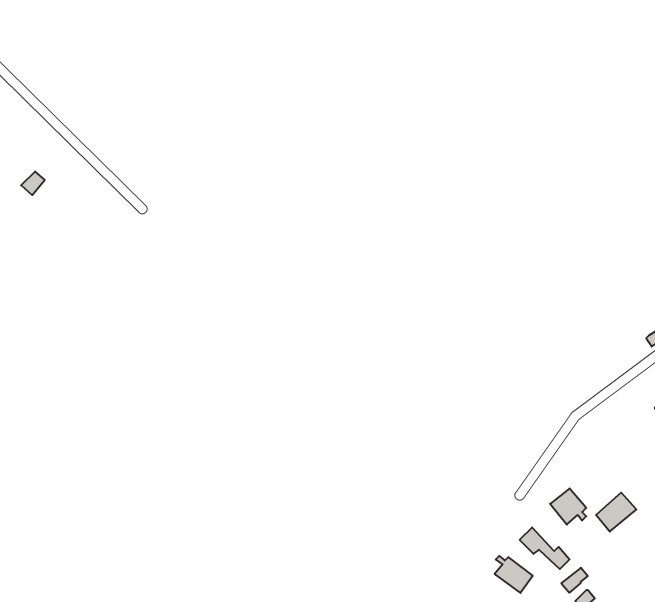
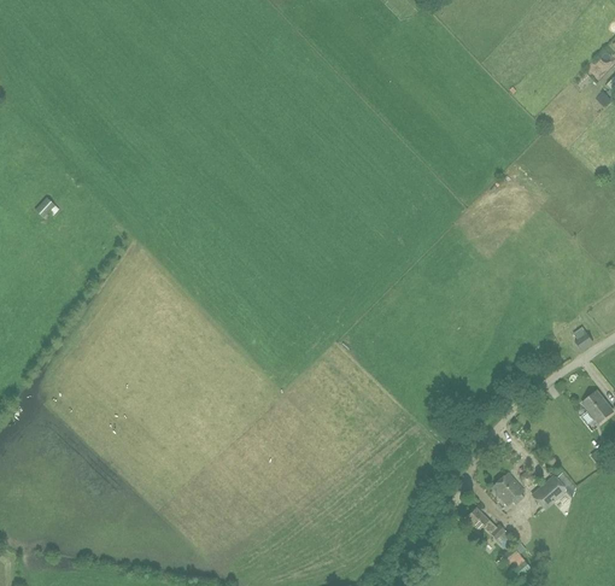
building: [495,556,533,593] -> none

